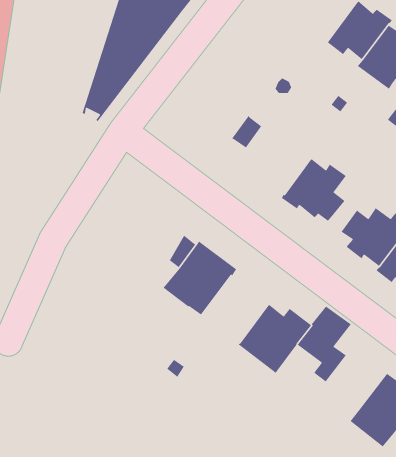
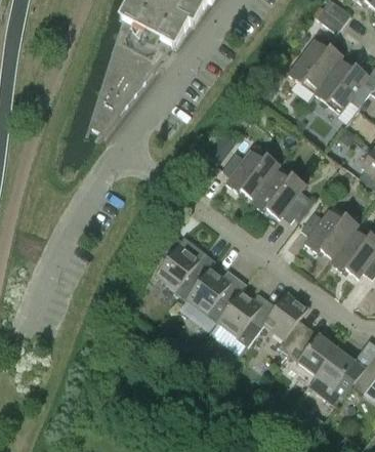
building: none -> [221,150,280,199]
building: none -> [184,265,246,321]
building: none -> [288,331,338,376]

